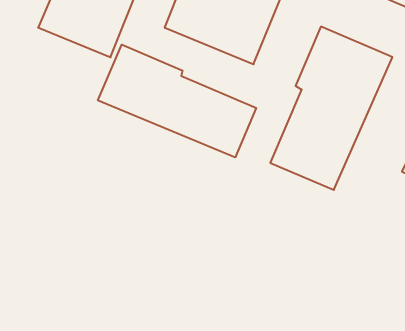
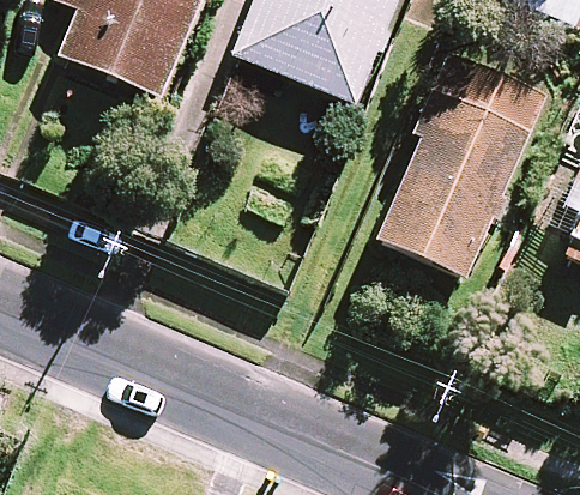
building: [98,45,256,157] -> none

